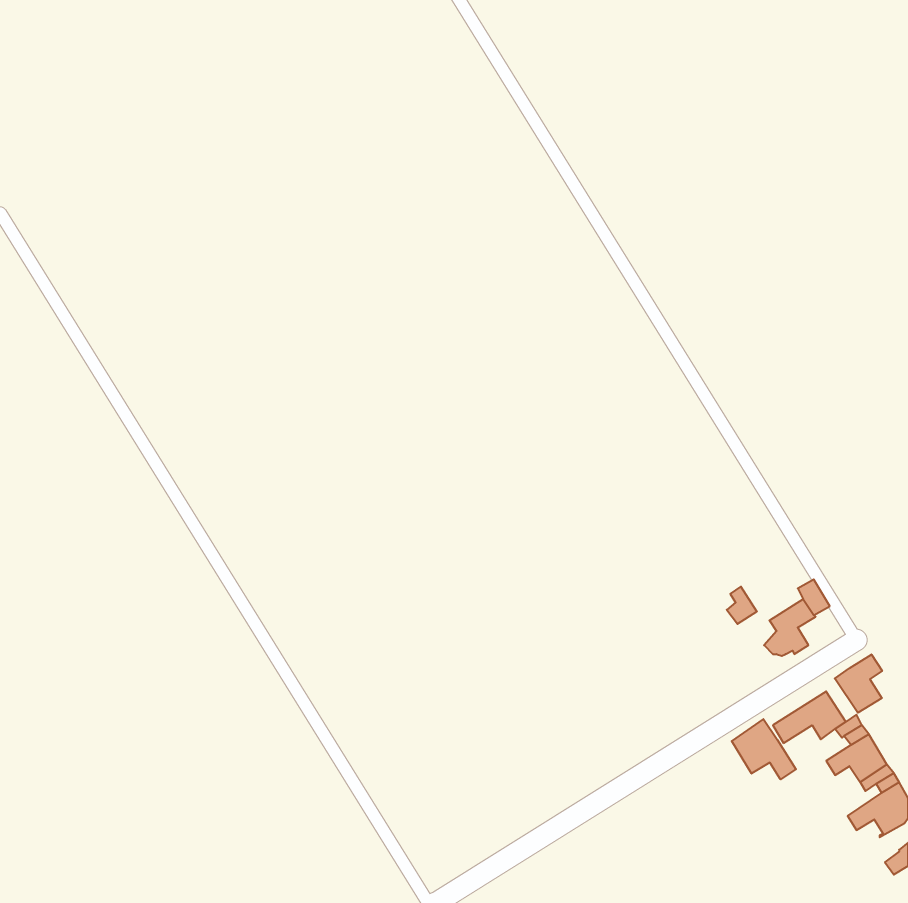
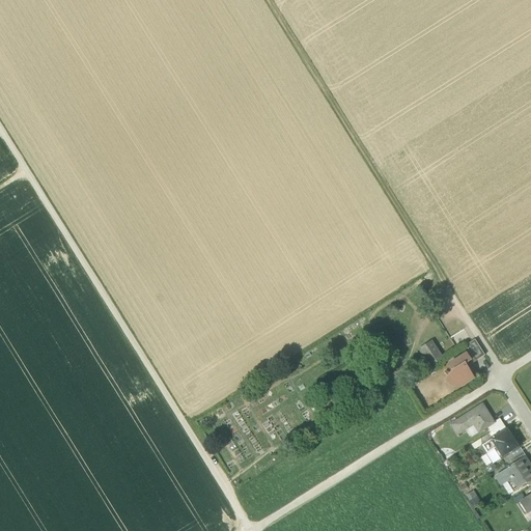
building: [835,654,882,713] -> none
building: [732,719,796,779] -> none

